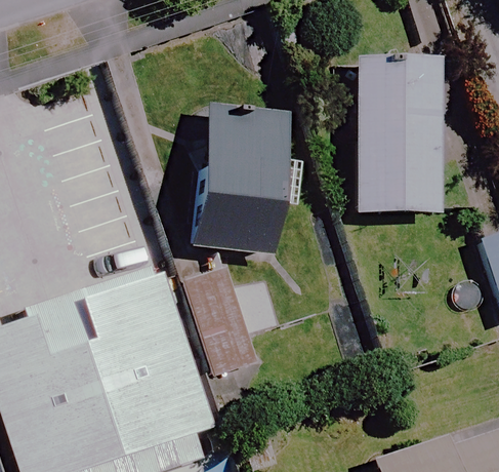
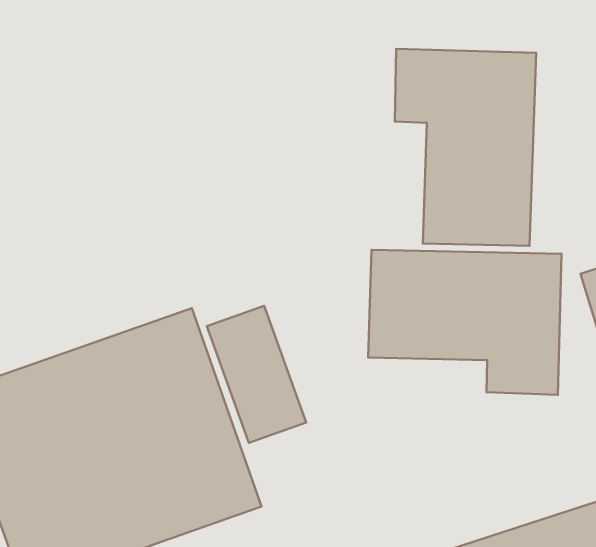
building: [197,106,290,257] -> none
building: none -> [368,250,562,395]

